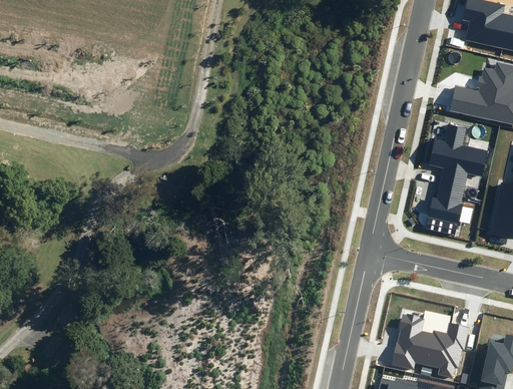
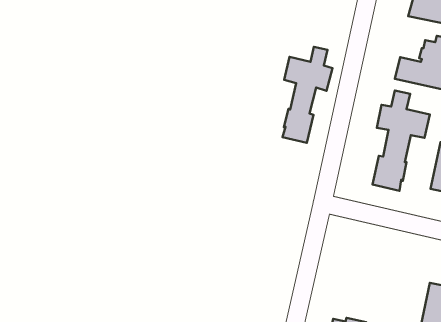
building: none -> [283,47,332,143]
building: [392,312,470,377] -> none

